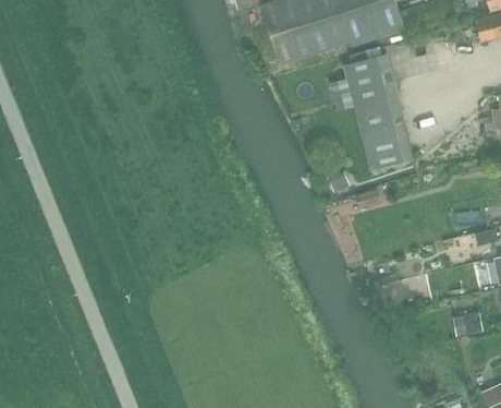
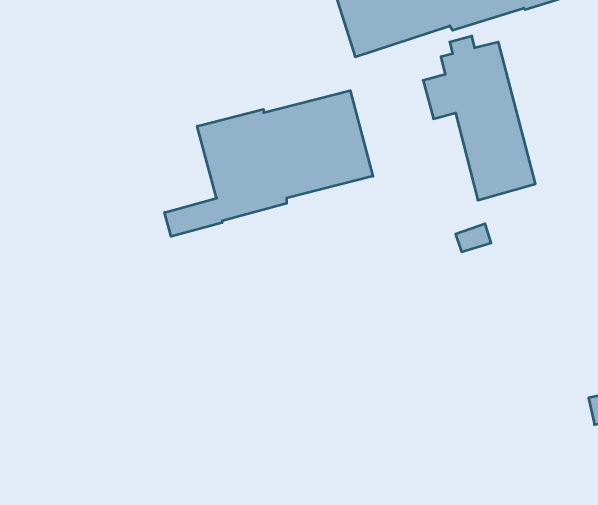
building: none -> [165,91,373,236]

